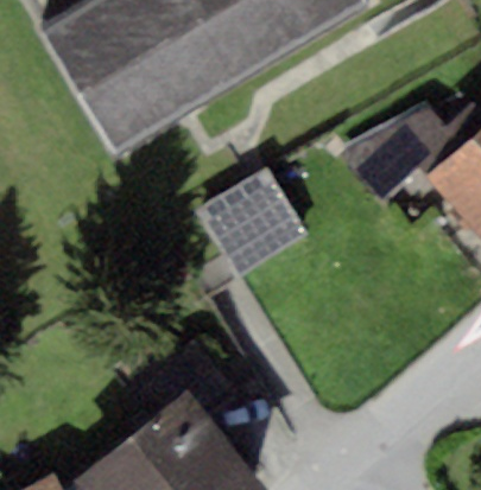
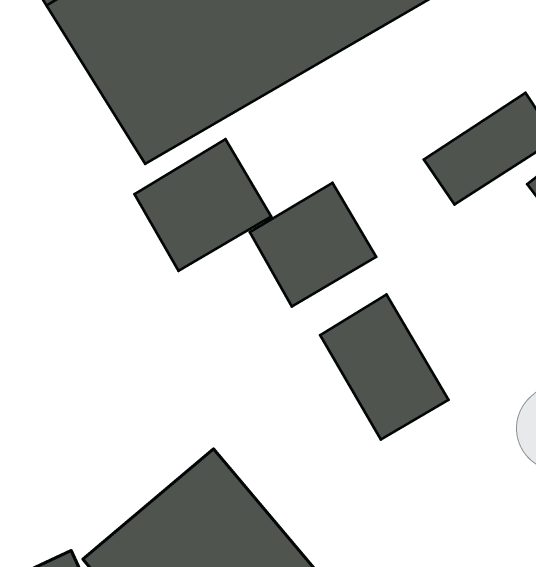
building: none -> [134,139,271,271]
building: none -> [320,294,449,440]

